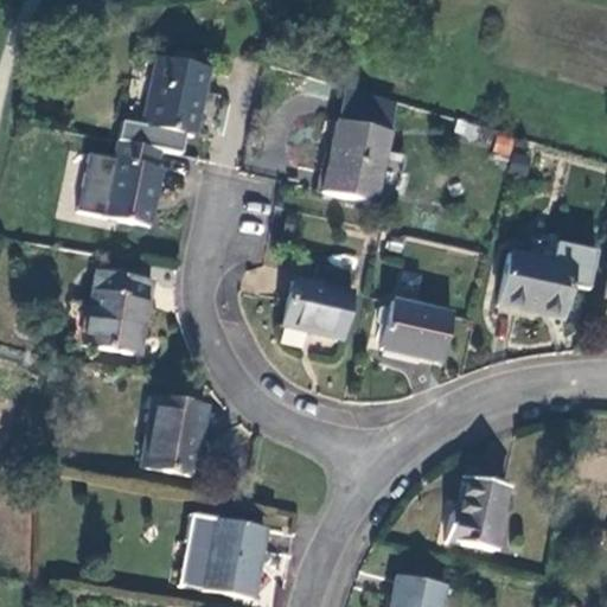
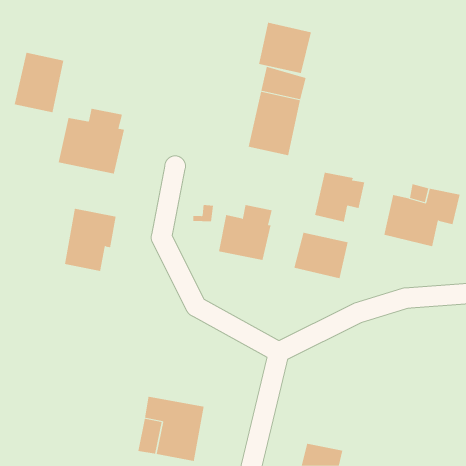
building: none -> [259,22,311,74]
building: [145,56,210,134] -> [14,52,64,113]
building: none -> [314,172,365,223]
building: [143,395,203,474] -> none
building: [447,474,510,548] -> none

